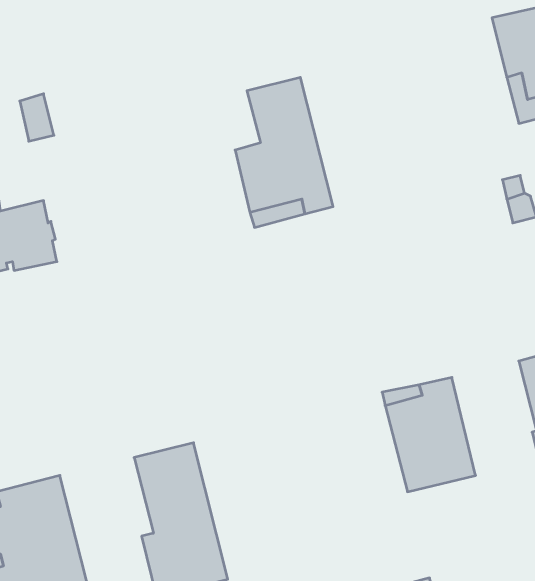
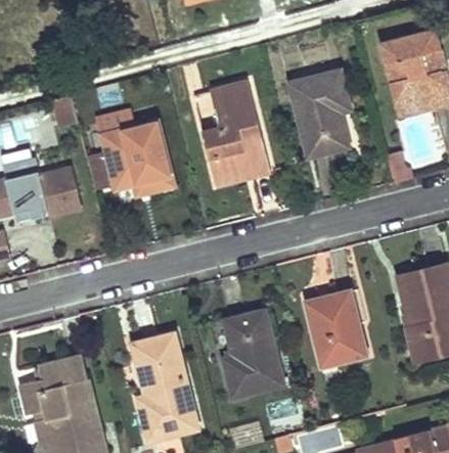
building: none -> [290,71,350,156]
building: none -> [87,110,174,190]
building: none -> [224,311,283,396]

